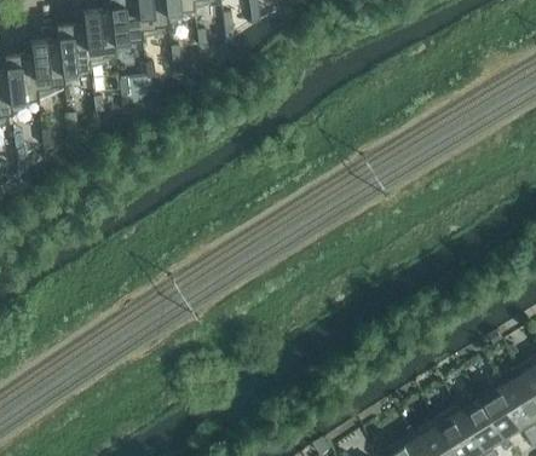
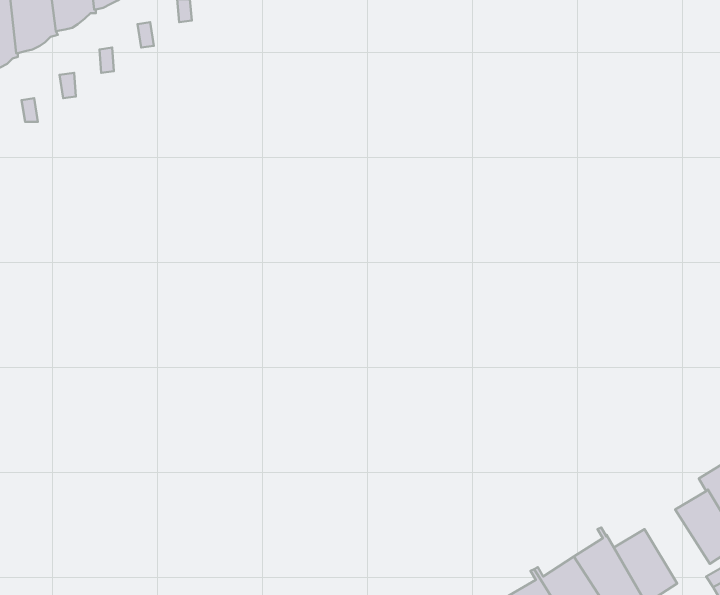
building: [484,387,528,437] -> none

